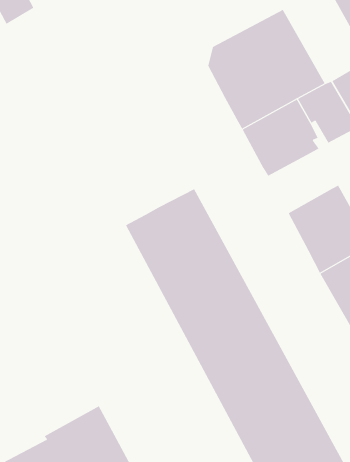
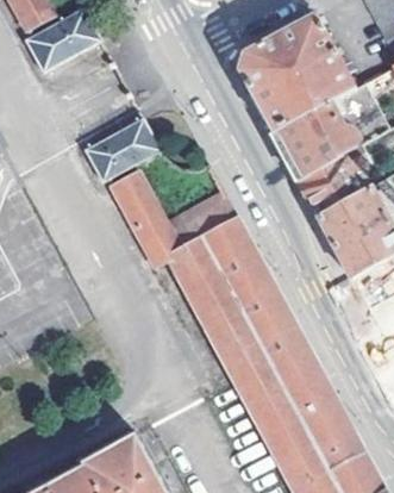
building: none -> [33,15,100,71]
building: none -> [90,121,161,180]
building: none -> [298,160,362,220]
building: none -> [117,171,174,237]

